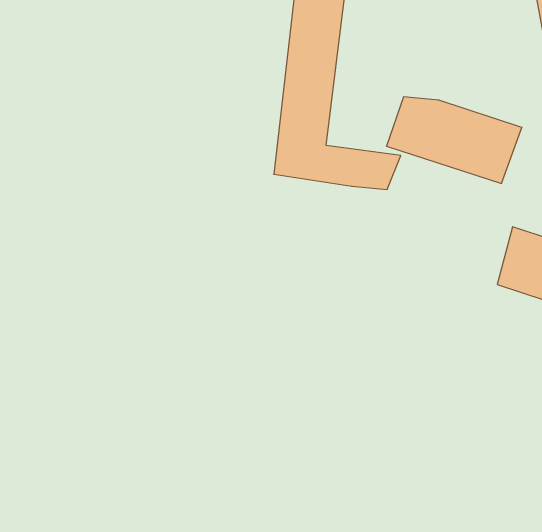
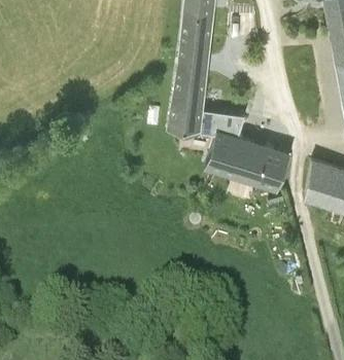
building: [386,97,522,183] -> [206,138,288,190]

